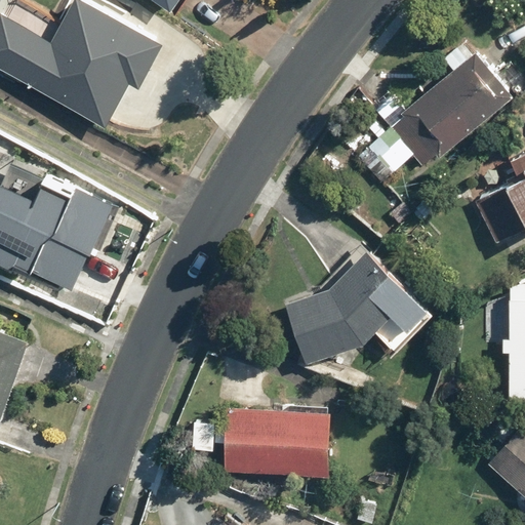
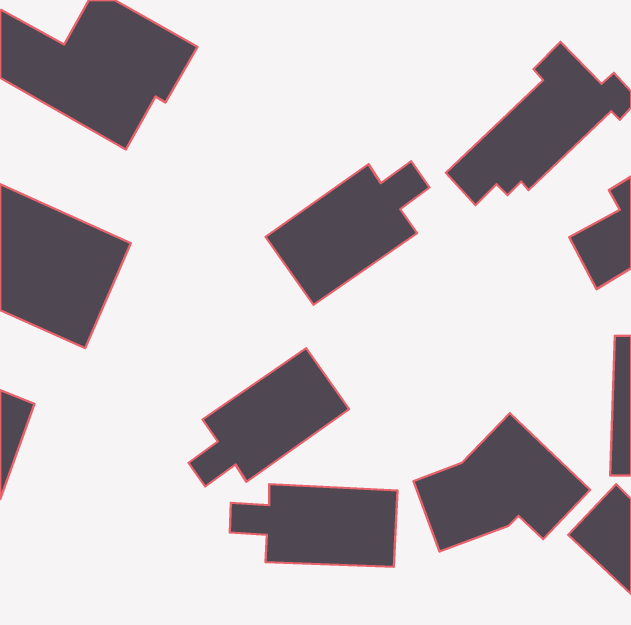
building: none -> [265,161,430,305]
building: [284,248,431,363] -> [414,413,590,552]
building: none -> [188,348,349,487]

